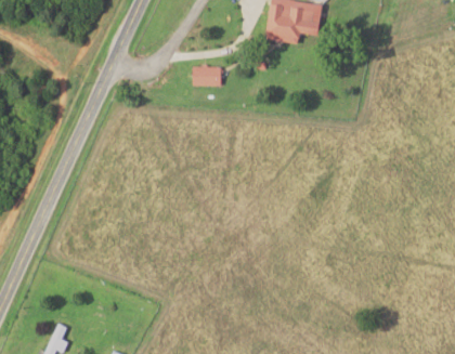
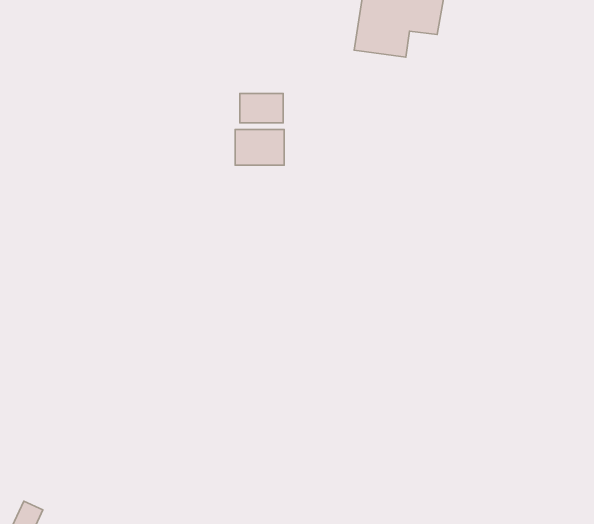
building: none -> [235,130,284,165]

